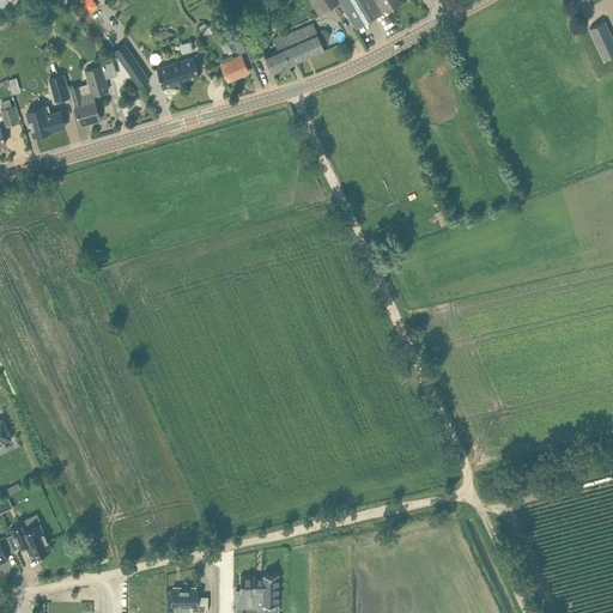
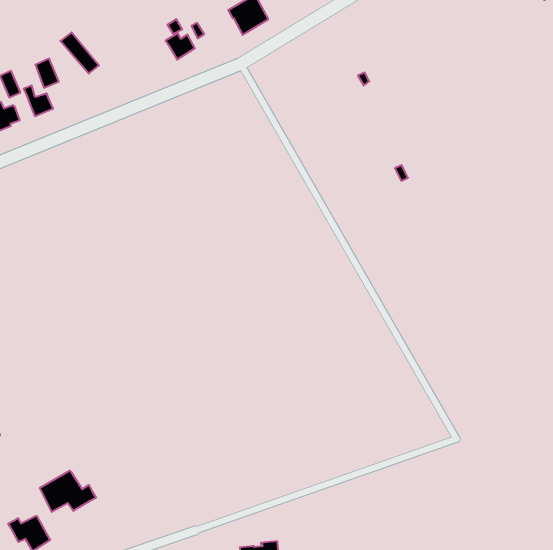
building: [265,34,297,72] -> none
building: [157,56,199,87] -> none
building: none -> [40,471,96,512]

